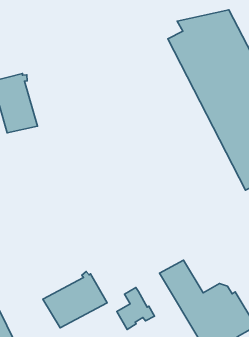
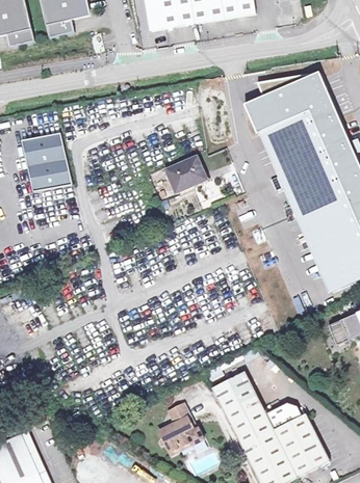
building: none -> [165,157,206,193]
building: [43,271,107,328] -> none

